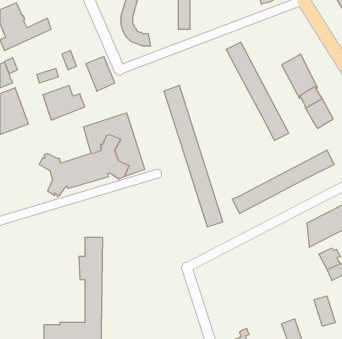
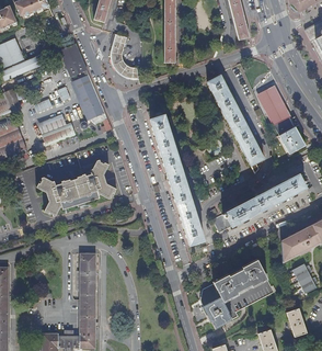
building: none -> [59,43,95,94]
building: none -> [199,260,276,327]

